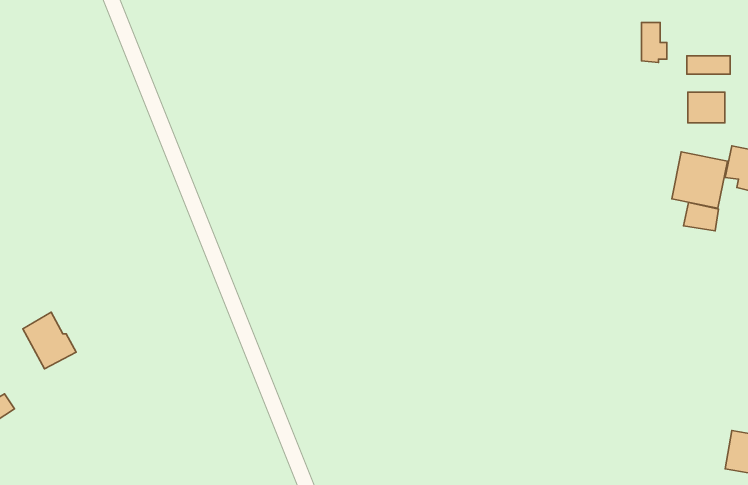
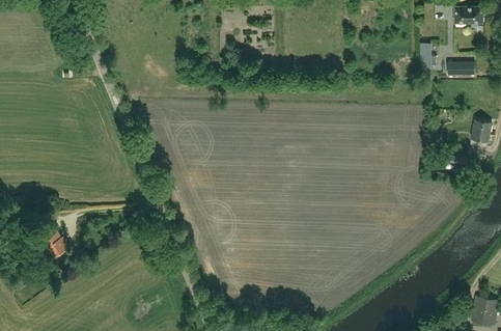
building: [688,92,725,123] -> none
building: [672,152,727,208] -> none

